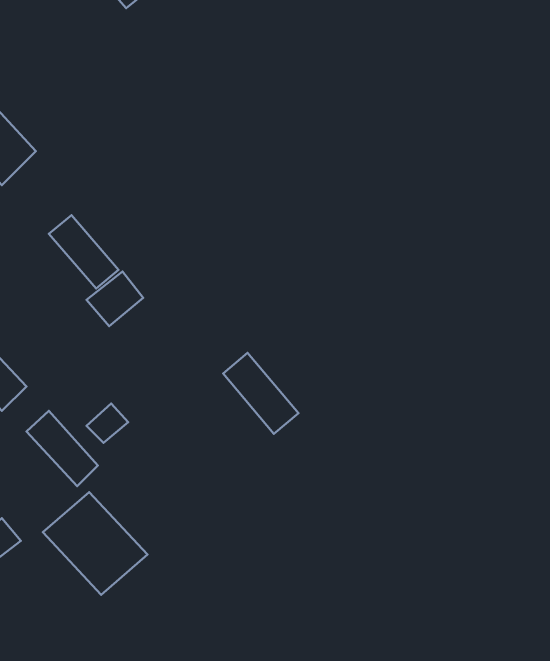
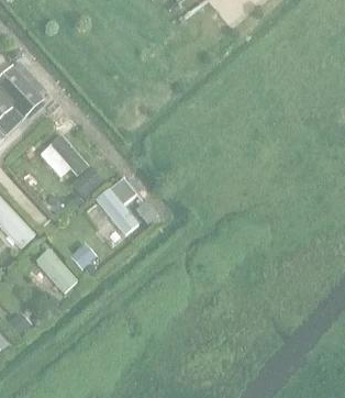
building: [223,353,298,434] -> [94,188,138,235]
building: [43,492,147,595] -> none

